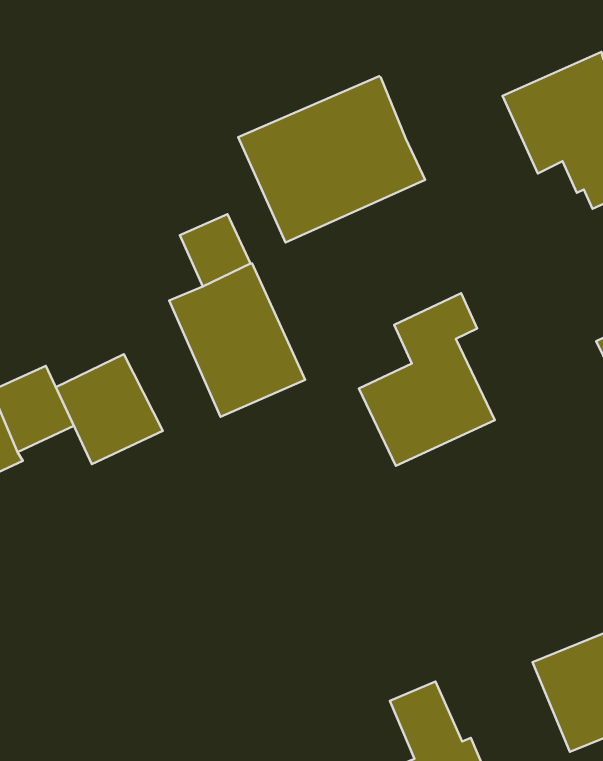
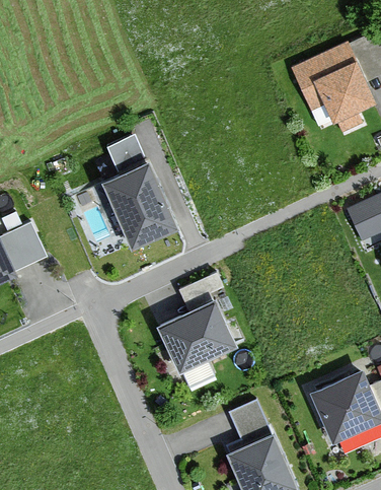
building: [238,76,425,242] -> none
building: [359,293,495,466] -> [157,274,235,373]
building: [56,354,163,464] -> none

